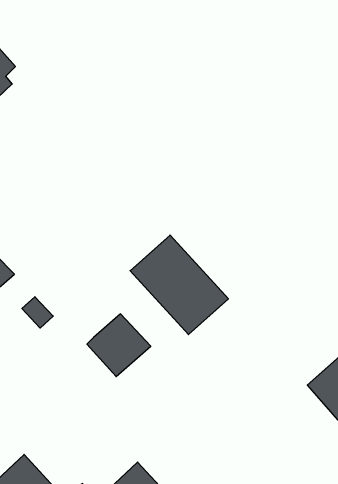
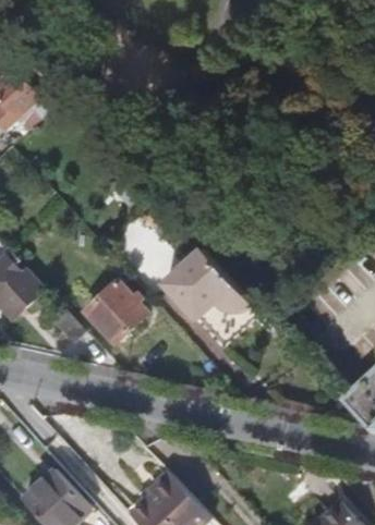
building: [87,314,151,377] -> [87,279,152,342]

